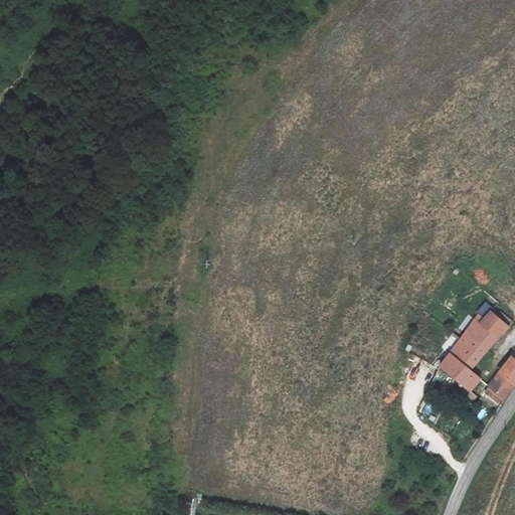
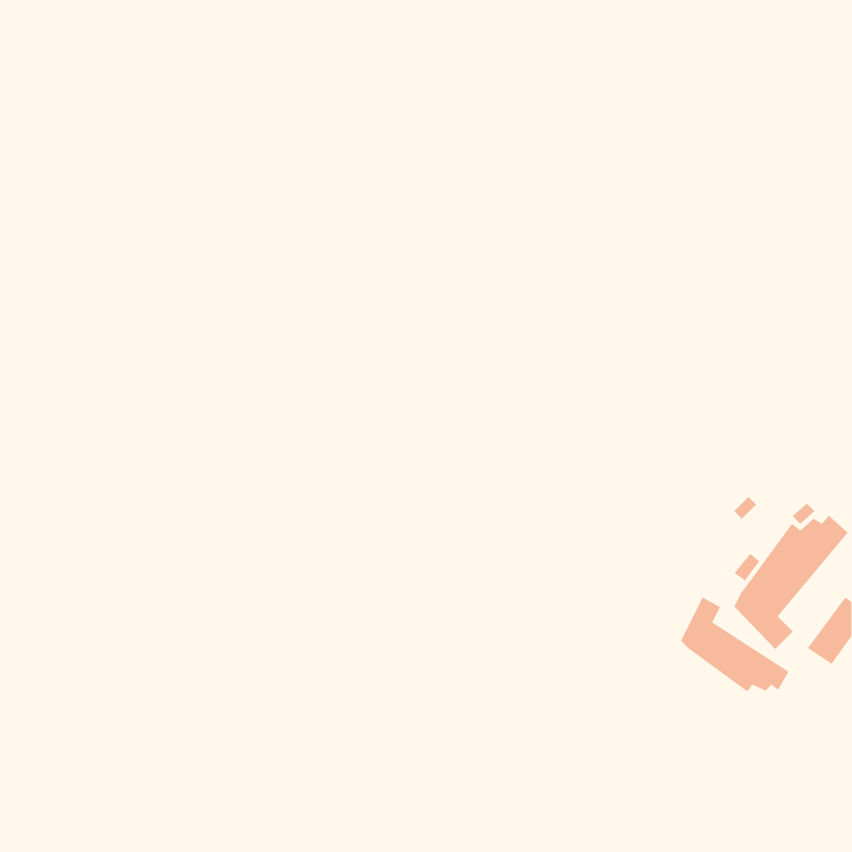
building: none -> [680,597,790,693]

